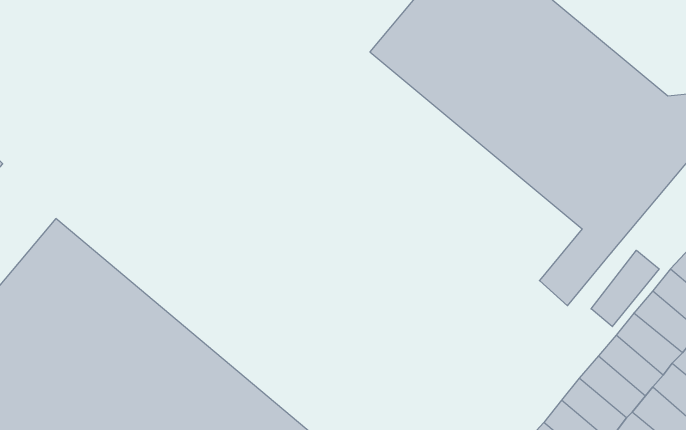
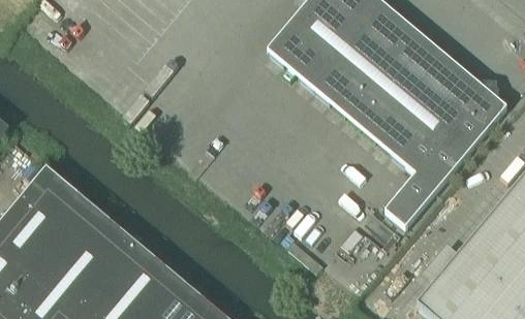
building: [591,250,659,327] -> none

